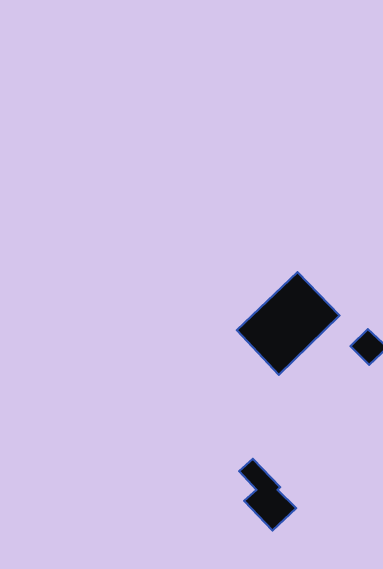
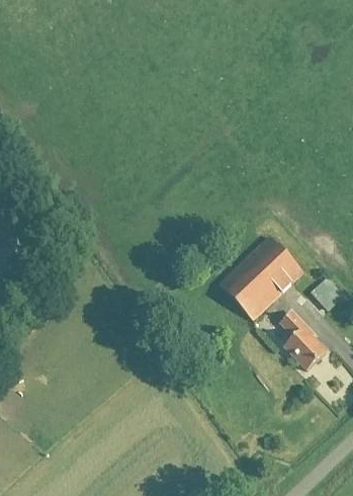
building: [239,459,296,531] -> [279,310,326,368]

